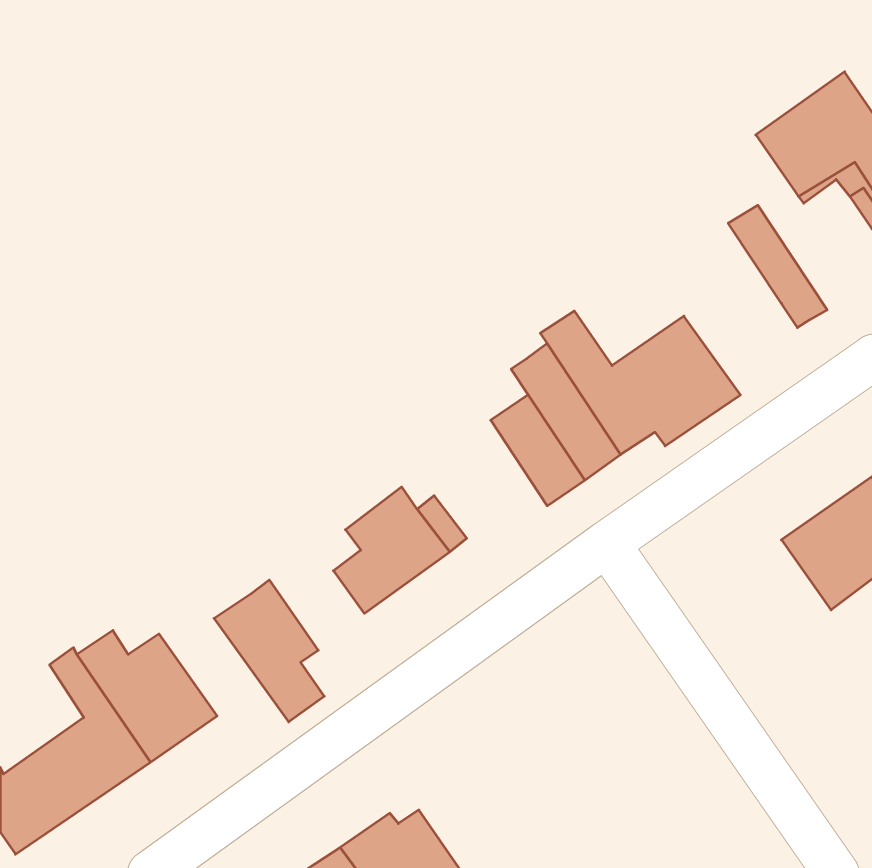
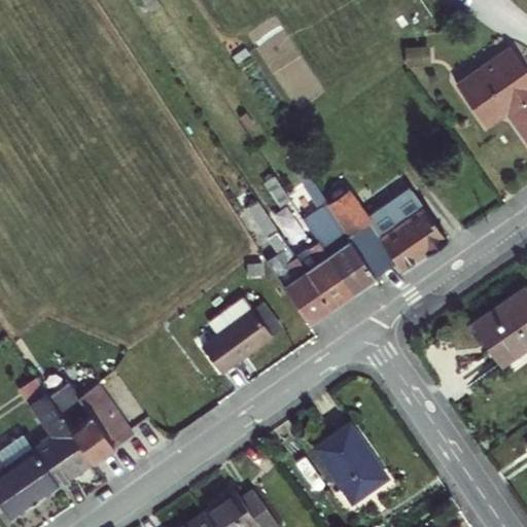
building: [728,205,827,328] -> none
building: none -> [275,256,330,323]
building: [214,580,324,722] -> none
building: none -> [314,424,390,506]

